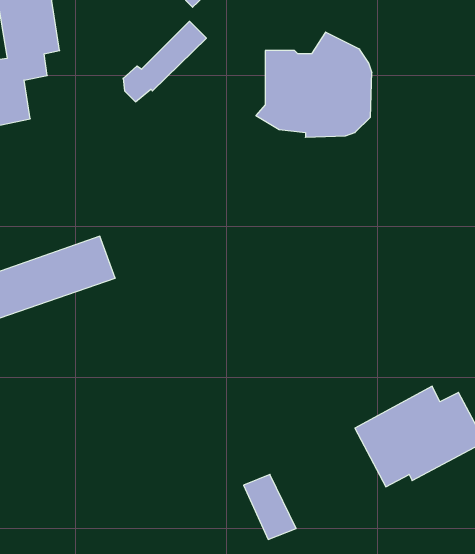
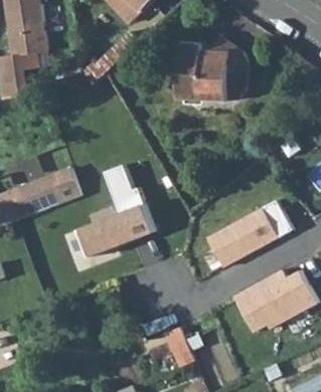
building: none -> [85,168,157,257]
building: none -> [211,201,294,265]

